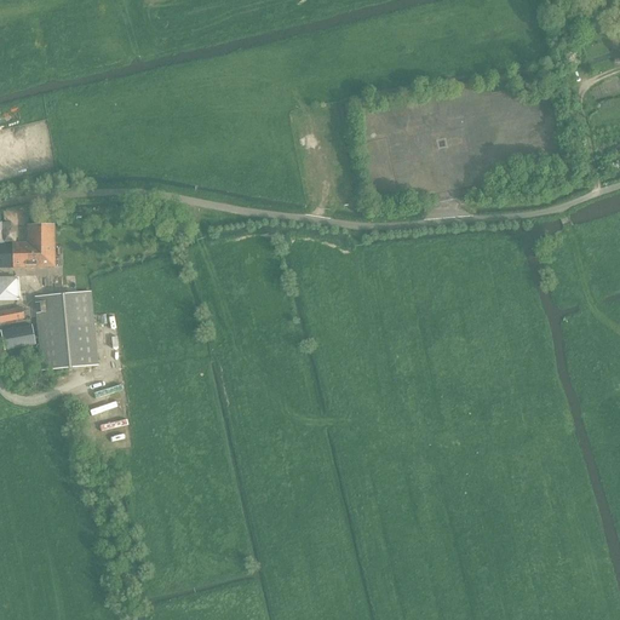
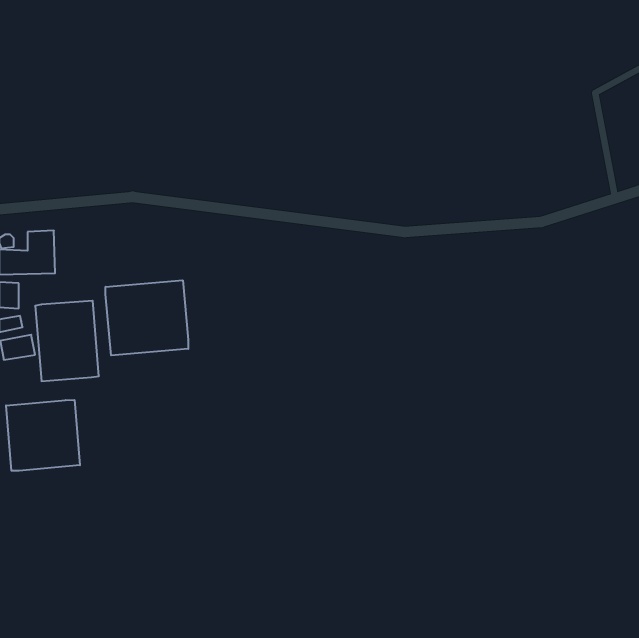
building: none -> [105,280,188,355]
building: none -> [6,400,80,471]

